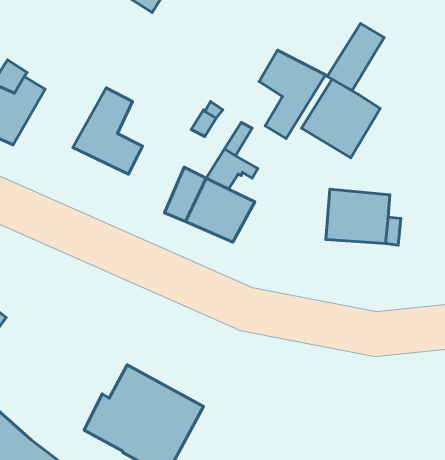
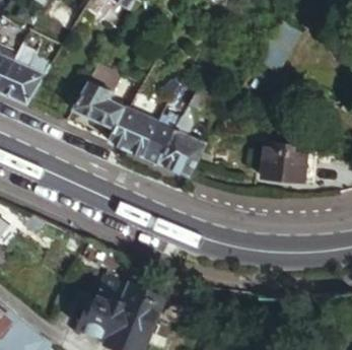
building: [259,50,326,139] -> none
building: [302,79,380,158] -> none
building: none -> [104,109,151,157]

